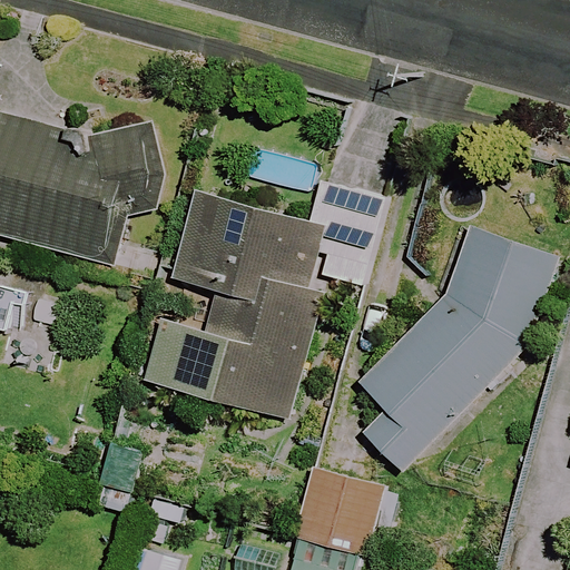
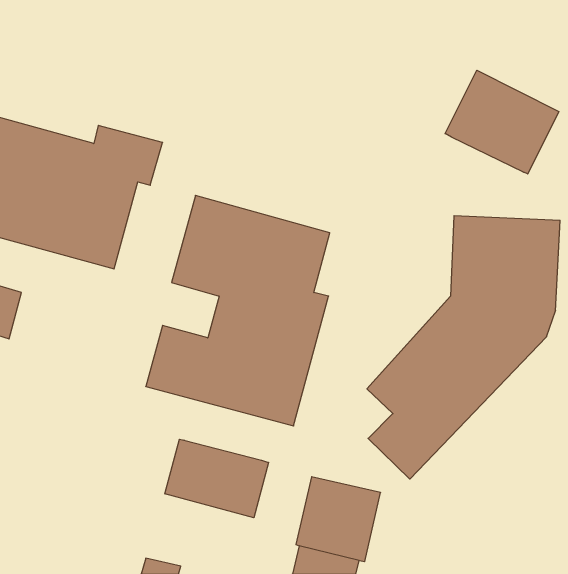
building: none -> [445,70,559,174]
building: none -> [165,439,269,518]

